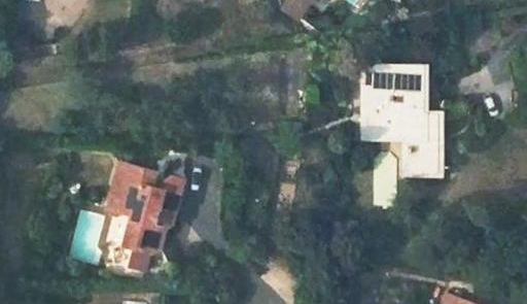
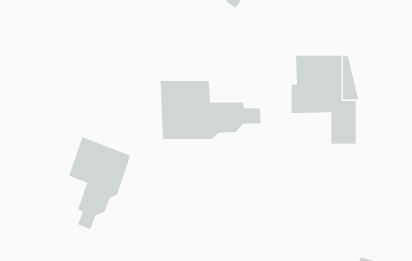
building: none -> [160,80,261,140]

